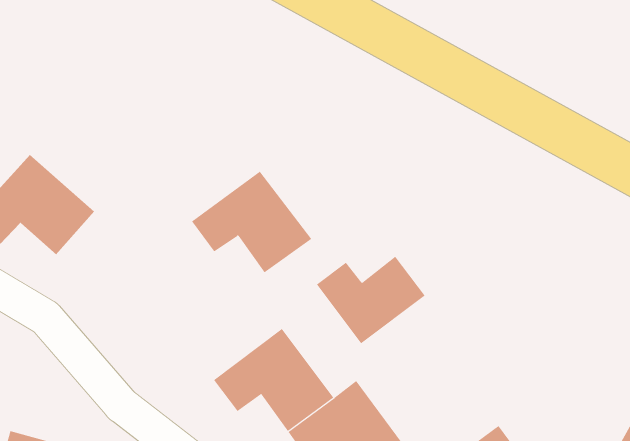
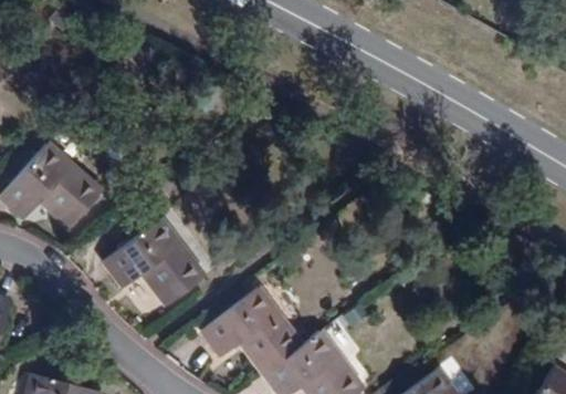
building: [191,171,312,273] -> [105,219,206,304]
building: [316,256,426,344] -> none

